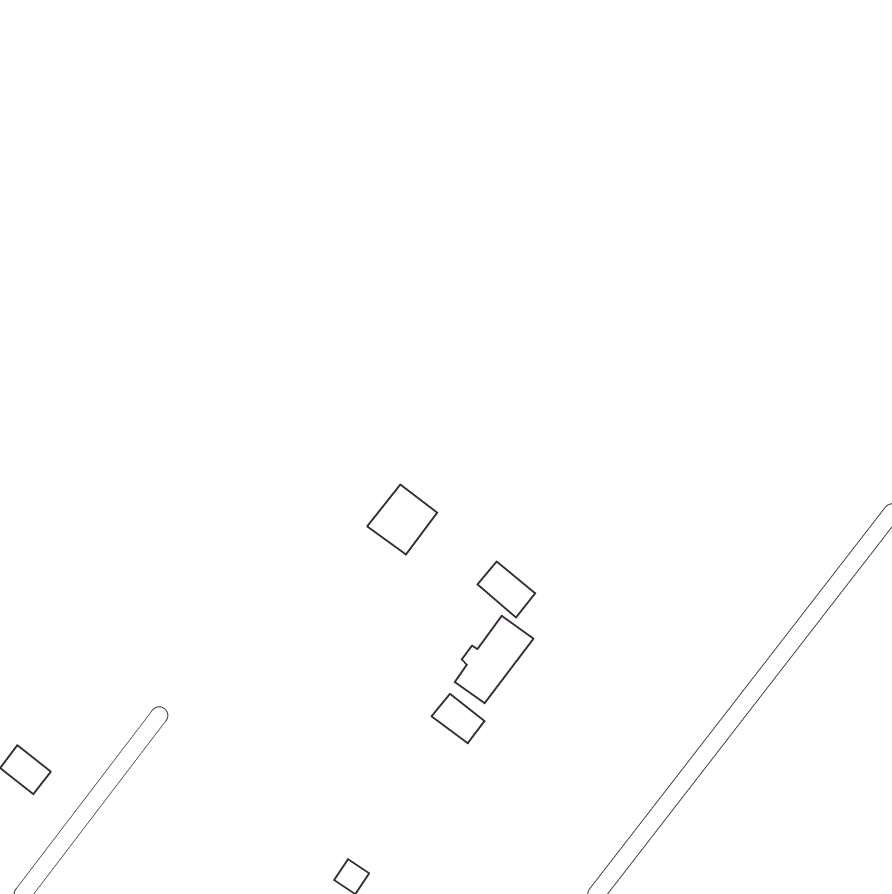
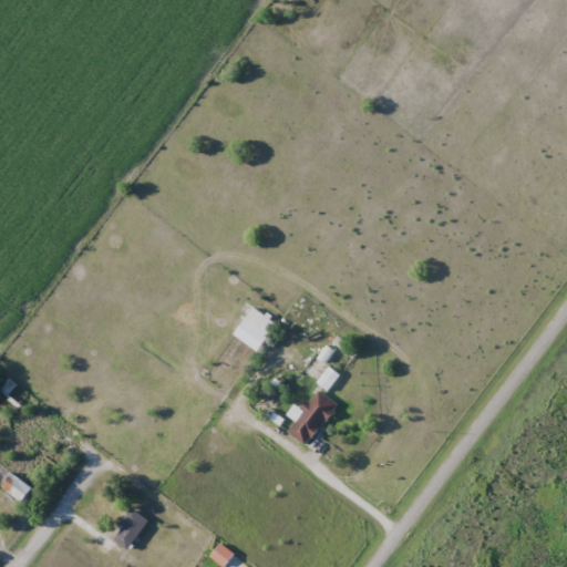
building: [432,694,485,743] -> none
building: none -> [112,508,150,549]

